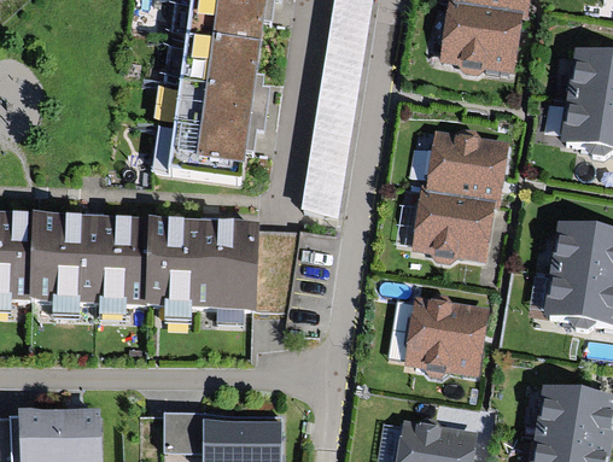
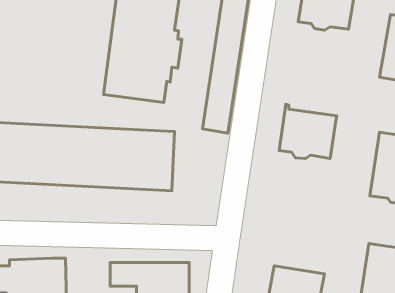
building: [426,130,509,206] -> none
building: [405,294,489,376] -> none

